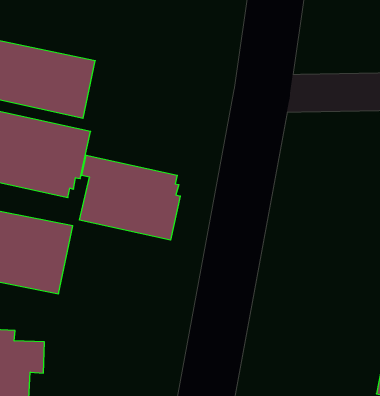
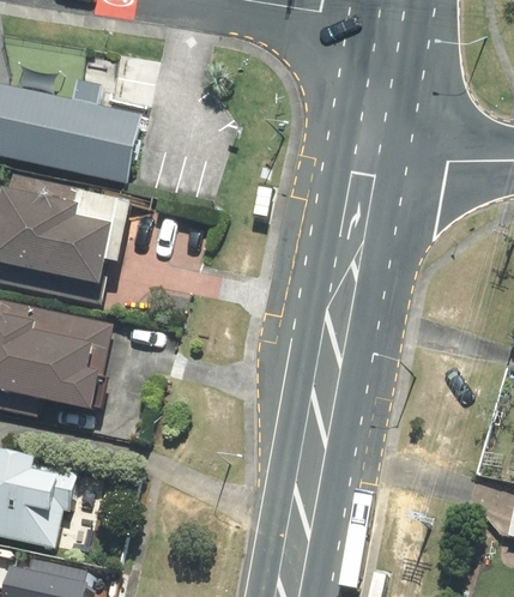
building: [80,155,180,240] -> none

